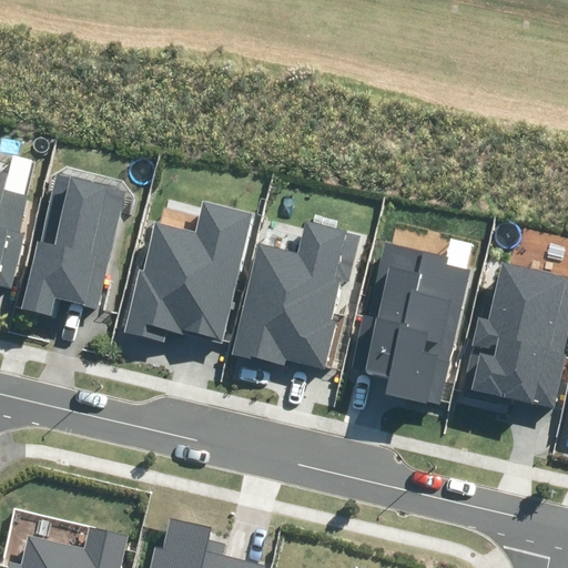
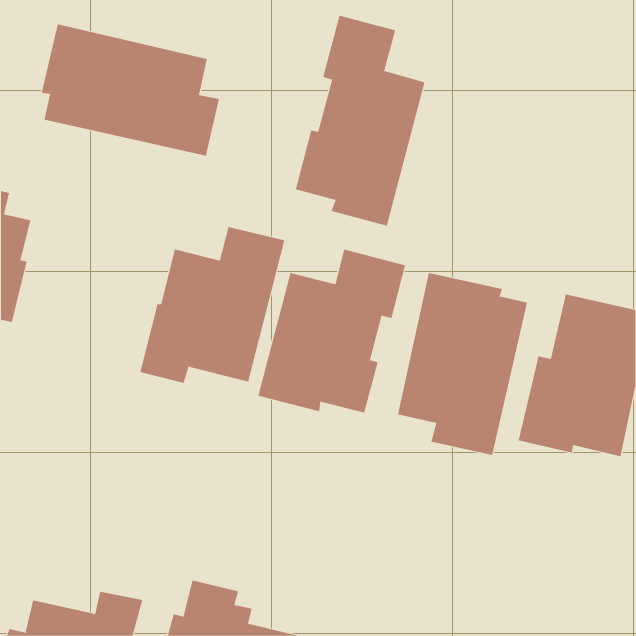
building: none -> [295,15,425,226]
building: none -> [41,24,220,157]
building: [22,174,126,315] -> none

